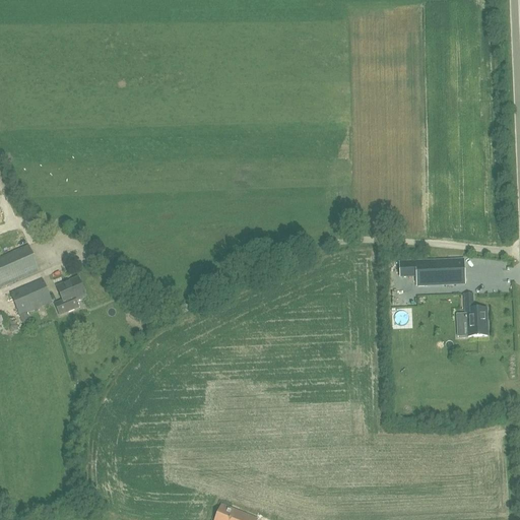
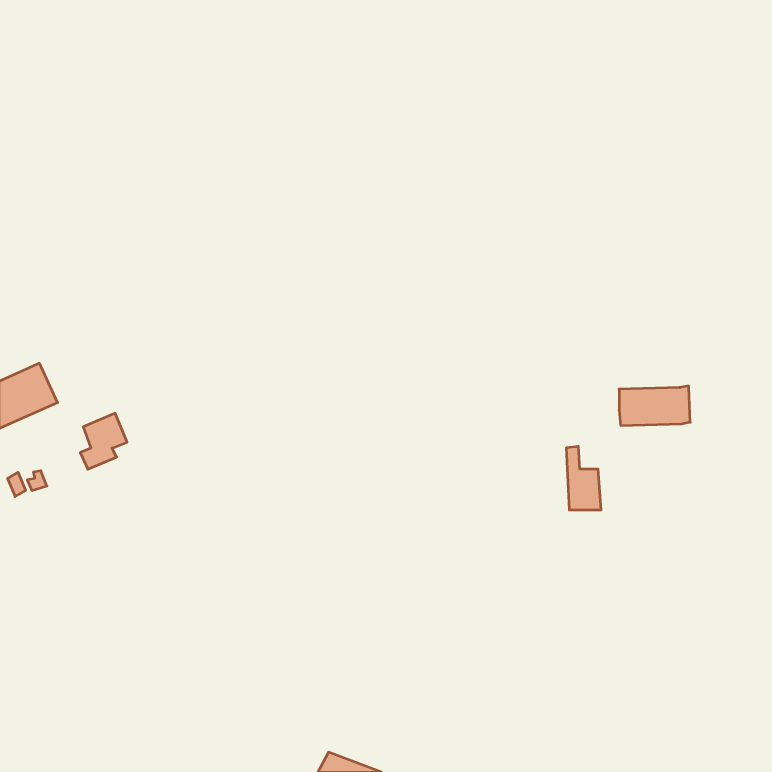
building: [8,277,52,316] -> none
building: [463,294,486,336] -> [566,446,601,510]

